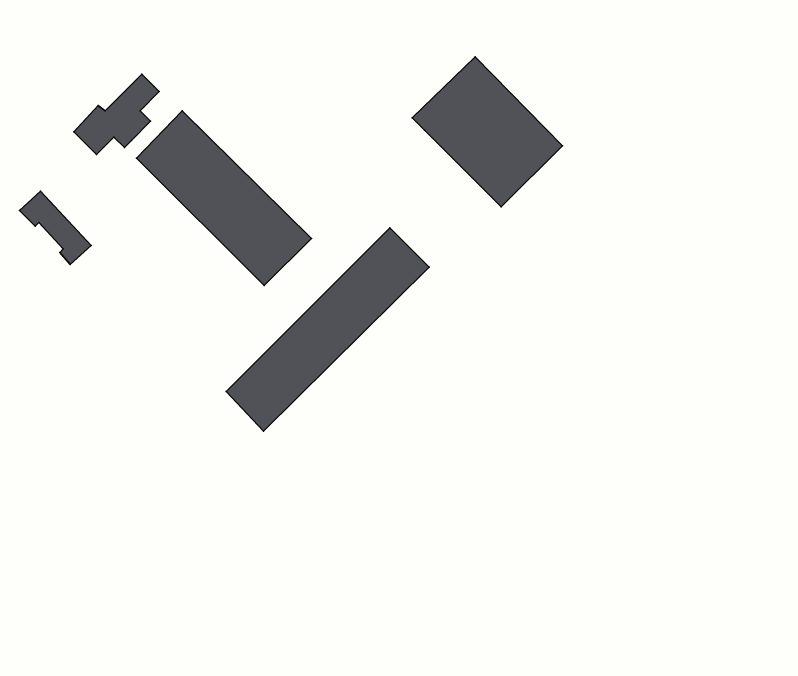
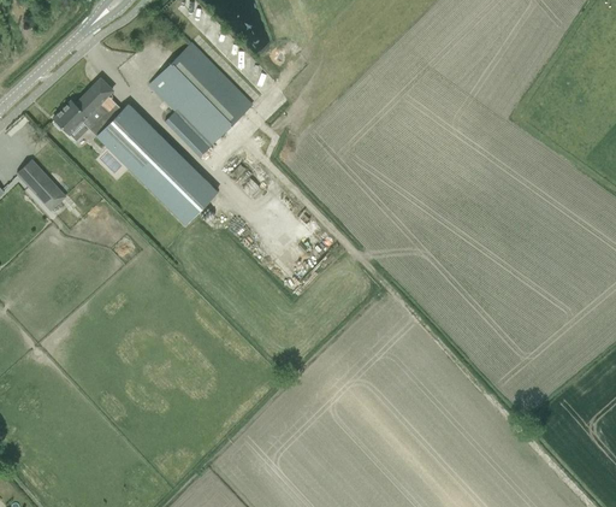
building: [412,57,562,207] -> [149,43,253,147]
building: [226,228,429,431] -> none

